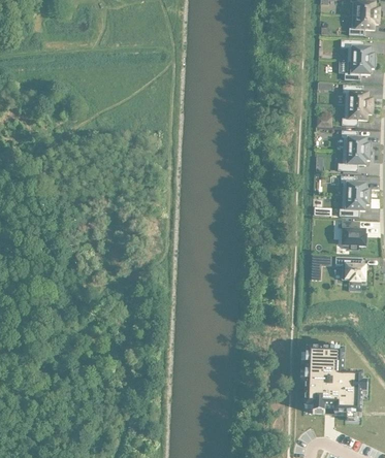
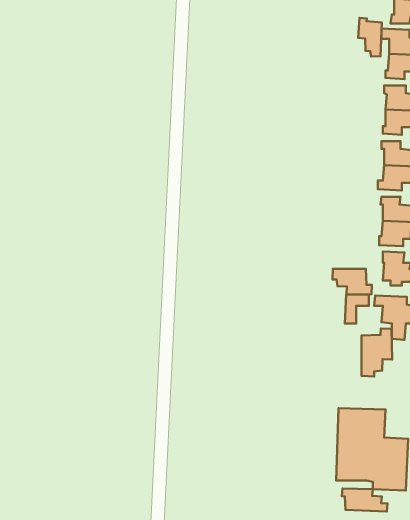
building: none -> [358,18,382,57]
building: none -> [333,269,372,294]
building: none -> [362,328,392,376]
building: none -> [342,489,387,511]

